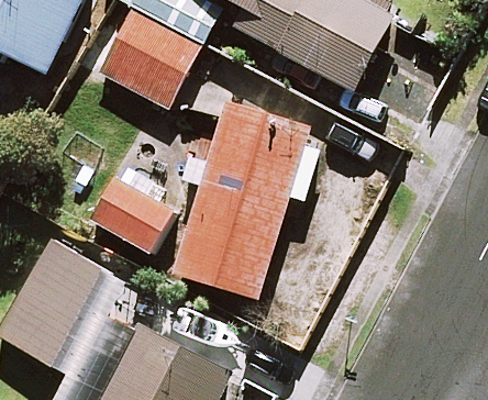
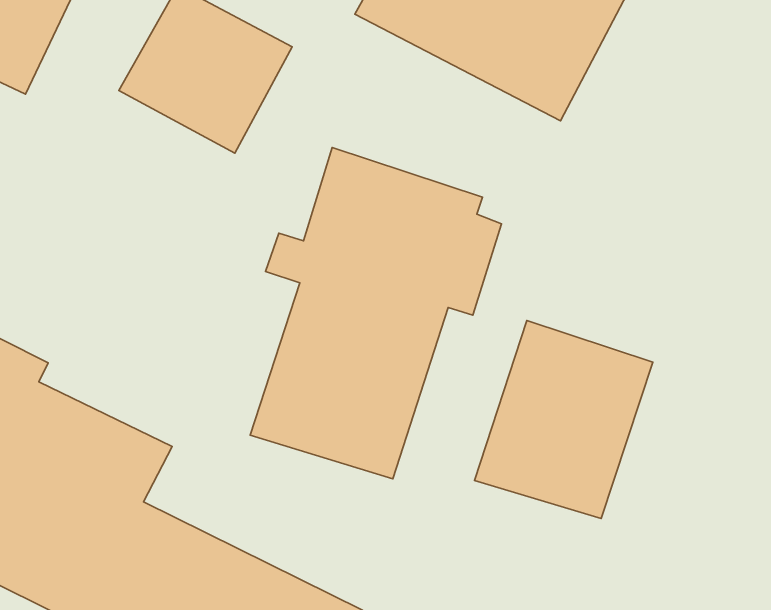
building: [88,175,181,257] -> none
building: none -> [475,321,653,519]

